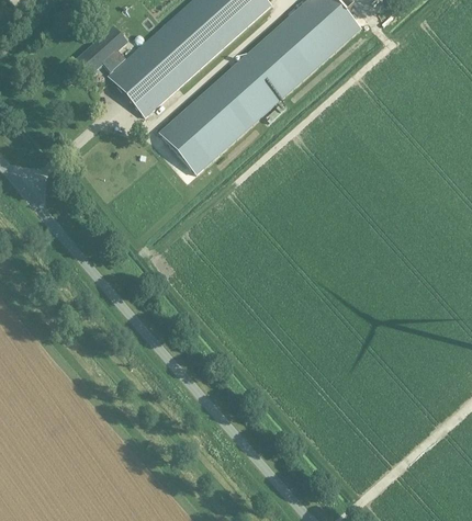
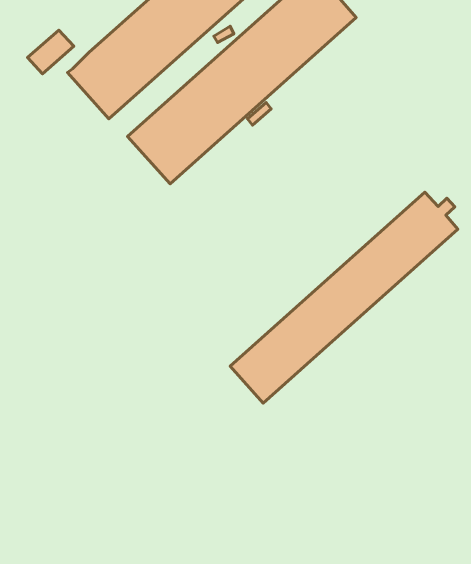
building: none -> [230,192,458,403]

